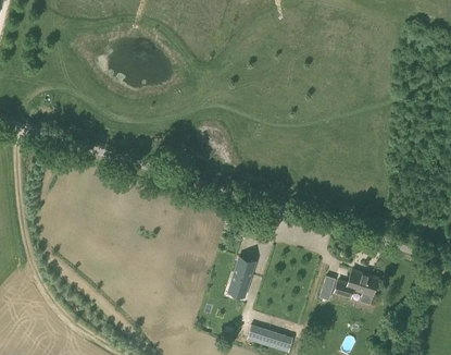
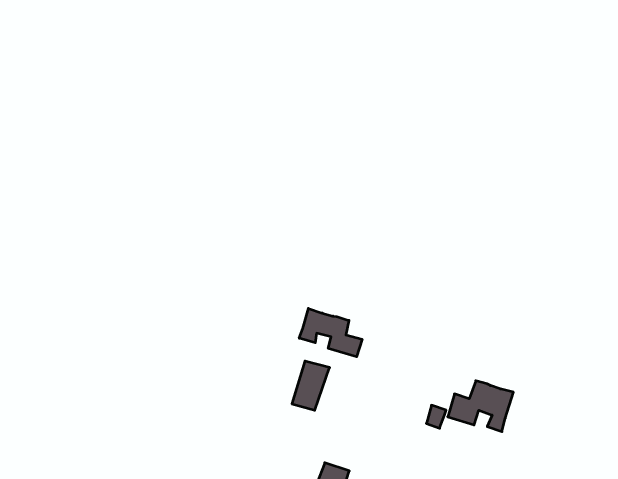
building: none -> [299,308,362,357]

